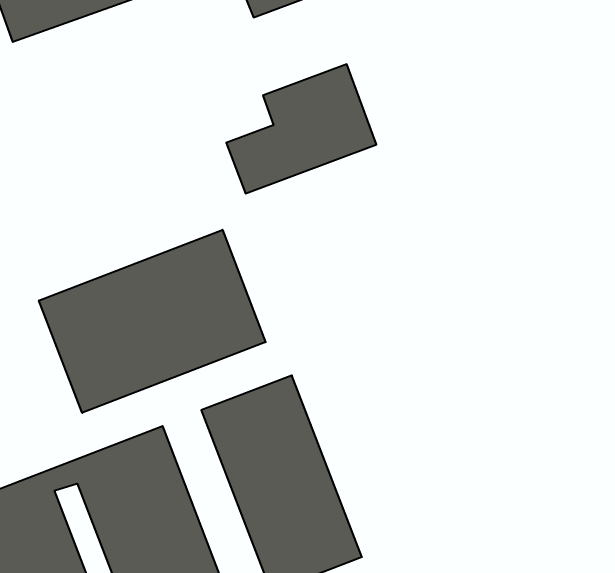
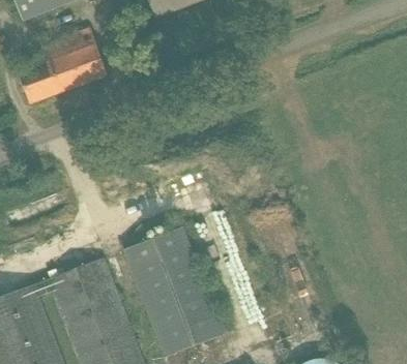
building: [226,64,376,193] -> [18,25,107,101]
building: [39,230,266,413] -> none

